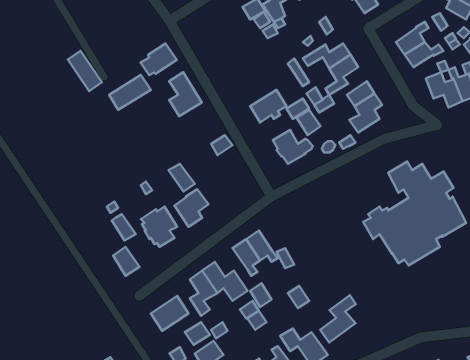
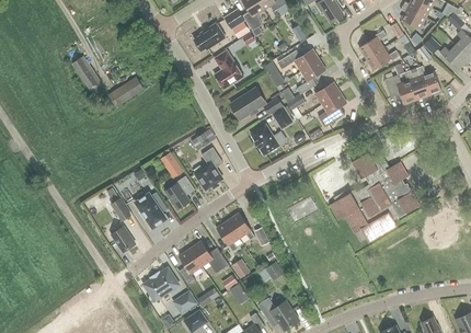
building: [140,44,177,75] -> [194,22,226,49]
building: [169,72,202,116] -> [215,49,243,88]
building: none -> [194,147,222,190]
building: [320,295,356,342] -> none

